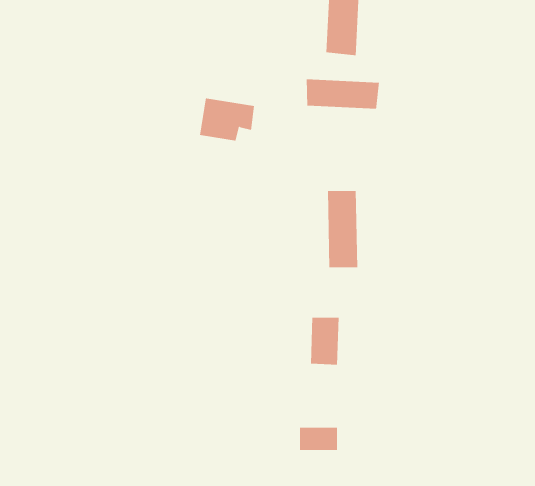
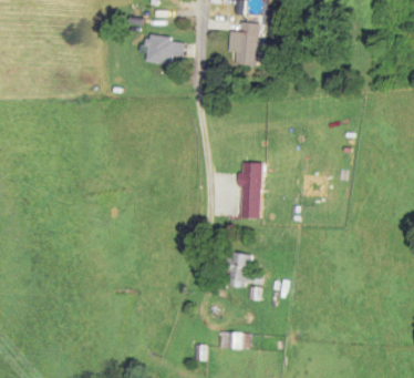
building: [306,78,380,110] -> none
building: [199,98,255,141] -> [145,34,185,65]

